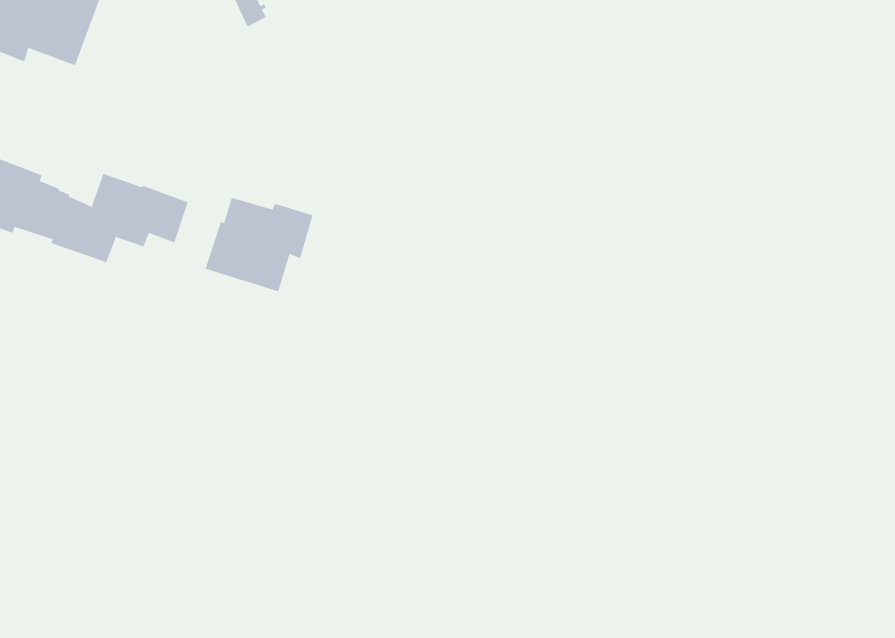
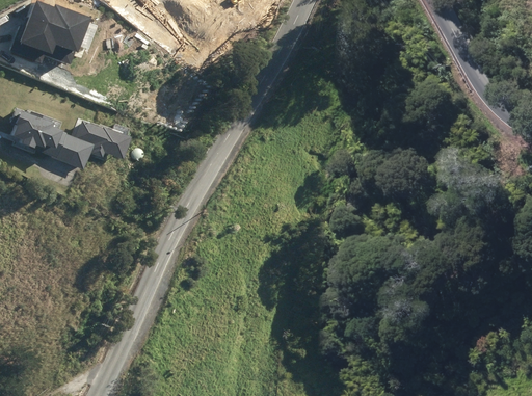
building: [205,197,313,292] -> none

